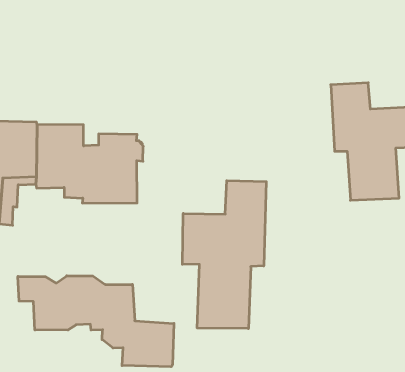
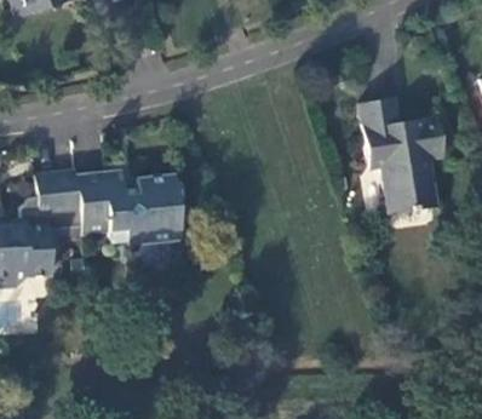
building: [182,181,266,329] -> none
building: [18,276,174,367] -> none

